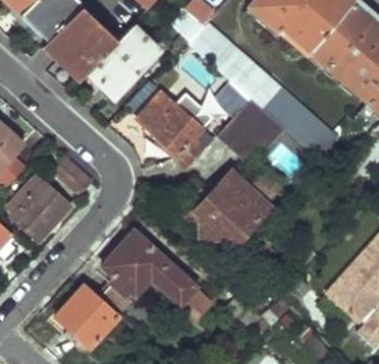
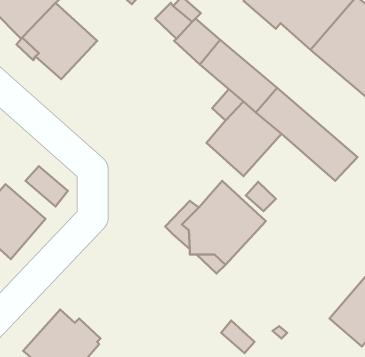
building: [91,24,161,99] -> none
building: [139,93,214,168] -> none
building: [99,231,211,318] -> none

